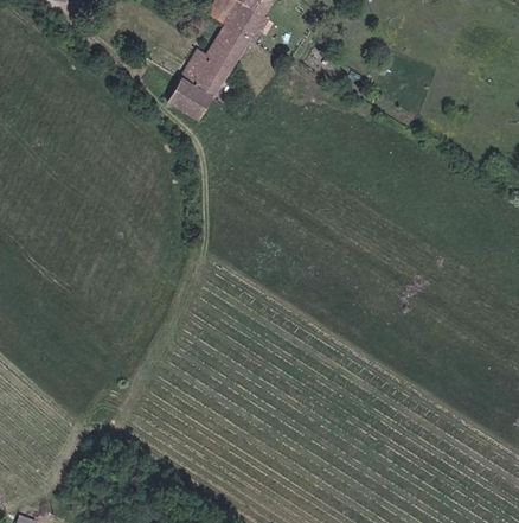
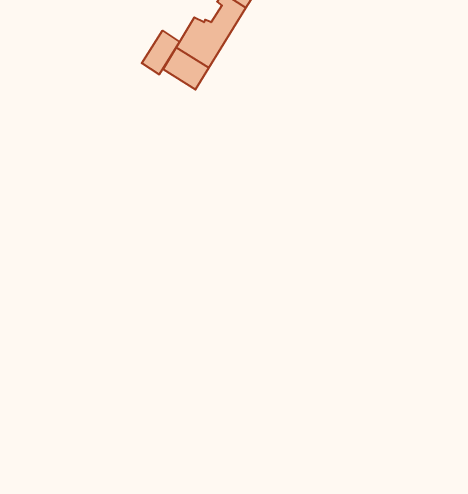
building: none -> [142,31,180,75]

